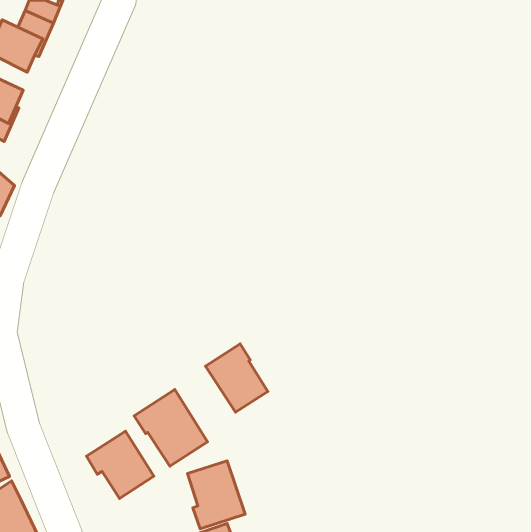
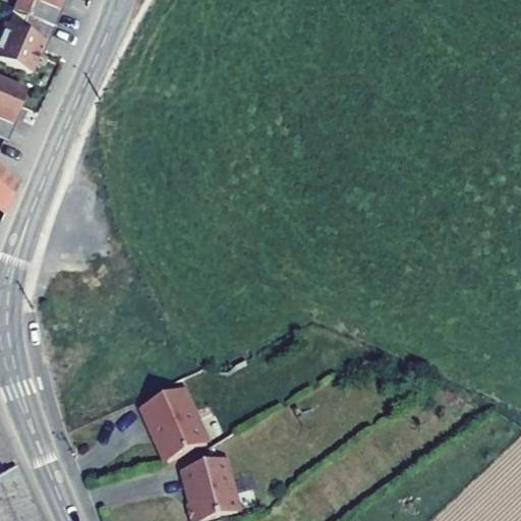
building: [205,344,268,412] -> none
building: [86,431,154,498] -> none

